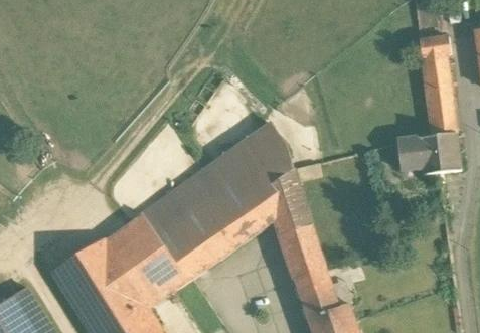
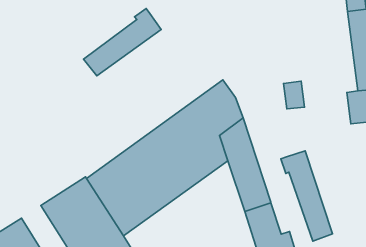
building: none -> [84,8,161,76]
building: [396,137,422,170] -> [283,81,305,109]
building: none -> [281,151,332,241]

